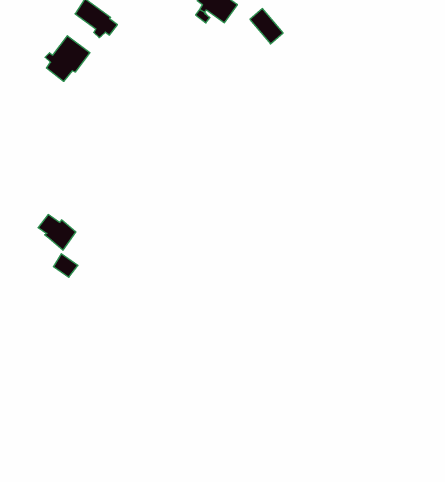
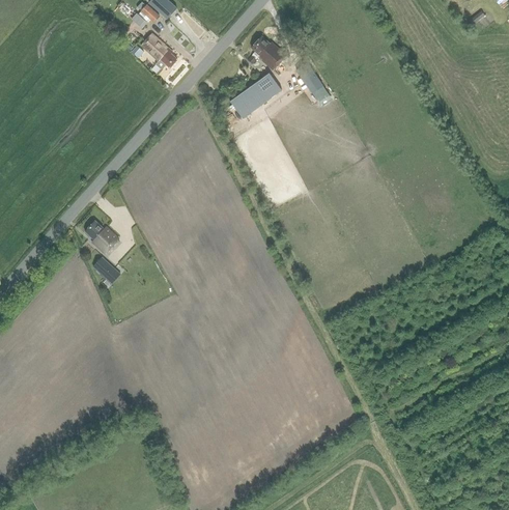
building: none -> [230,72,282,117]
building: [45,36,90,81] -> none

